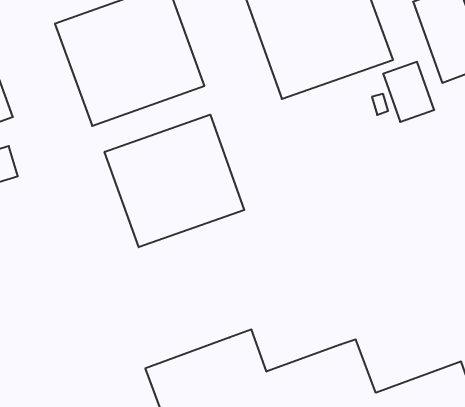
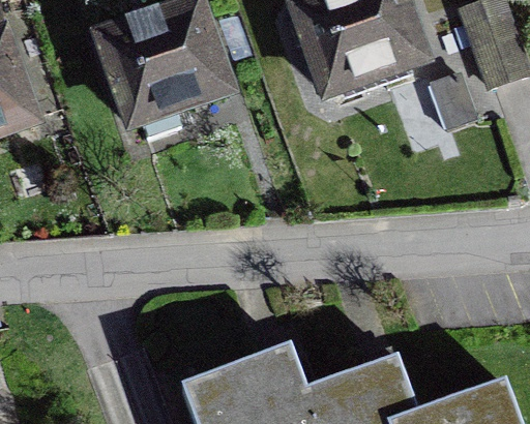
building: [105,115,244,247] -> none

